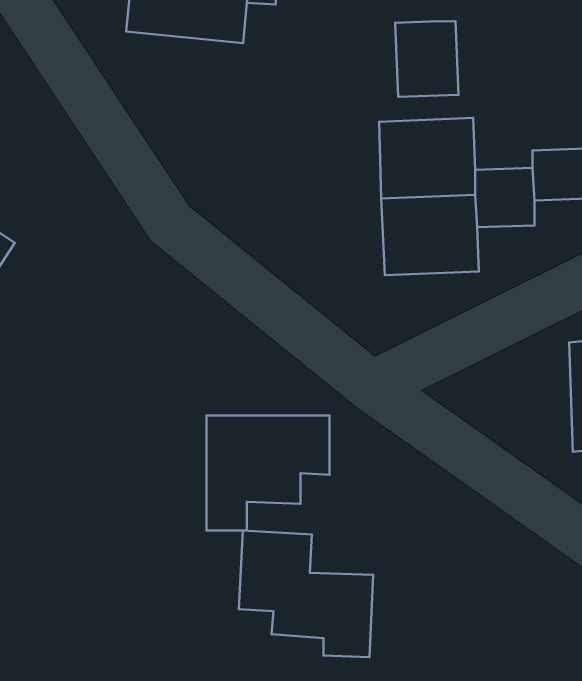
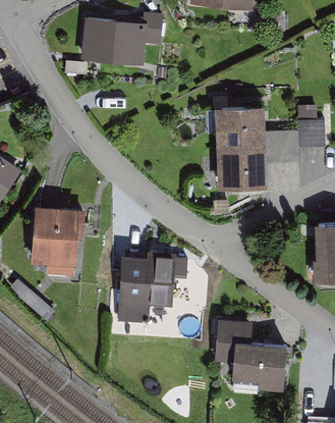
building: [395,21,458,97] -> none
building: none -> [30,204,79,276]
building: [239,531,373,657] -> [216,325,287,392]

